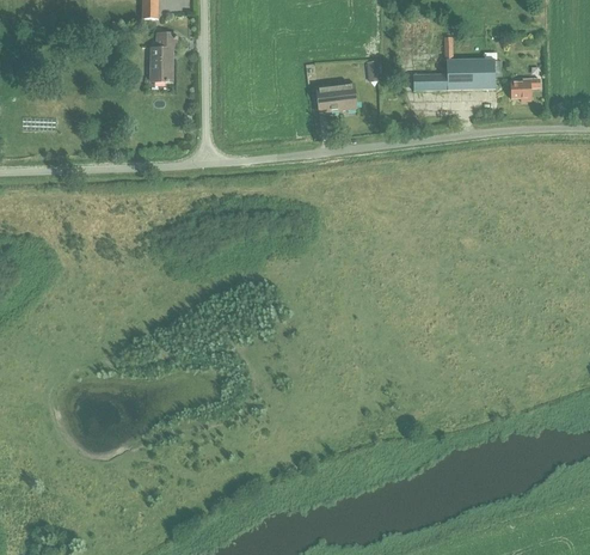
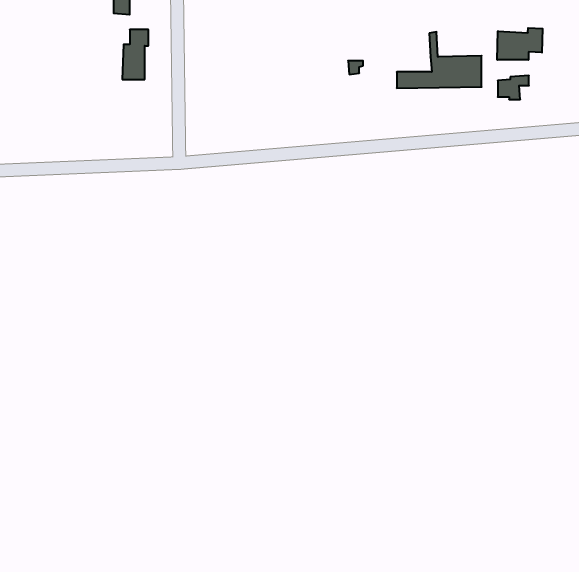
building: none -> [497,28,543,60]
building: [315,83,357,112] -> none

